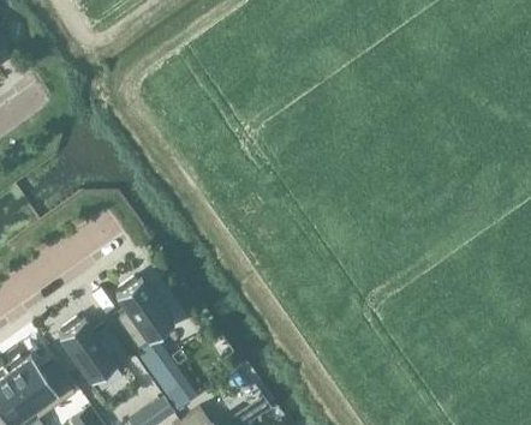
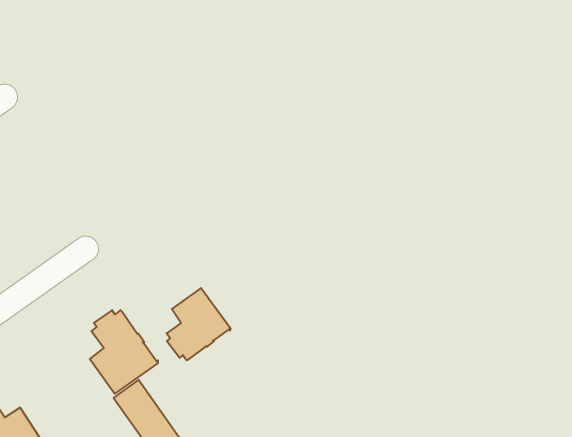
building: none -> [167,288,231,360]
building: [58,319,127,383] -> none

